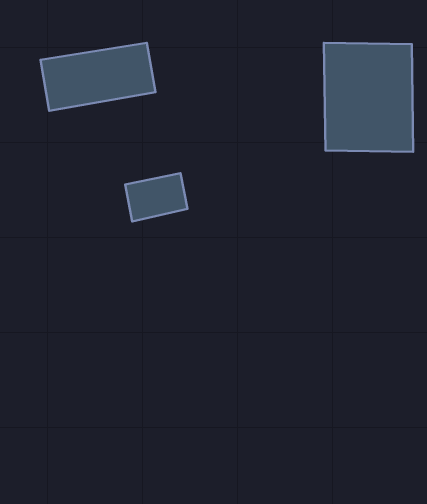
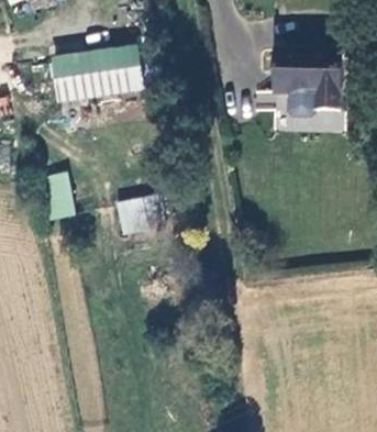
building: [125,173,187,221] -> [121,193,169,231]
building: none -> [40,170,73,219]

